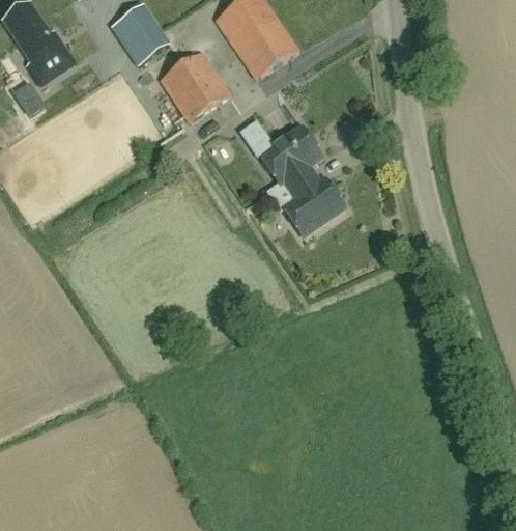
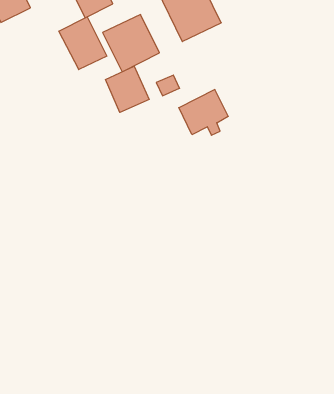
building: none -> [59,17,107,70]
building: none -> [106,66,149,112]
building: [281,172,343,233] -> none

